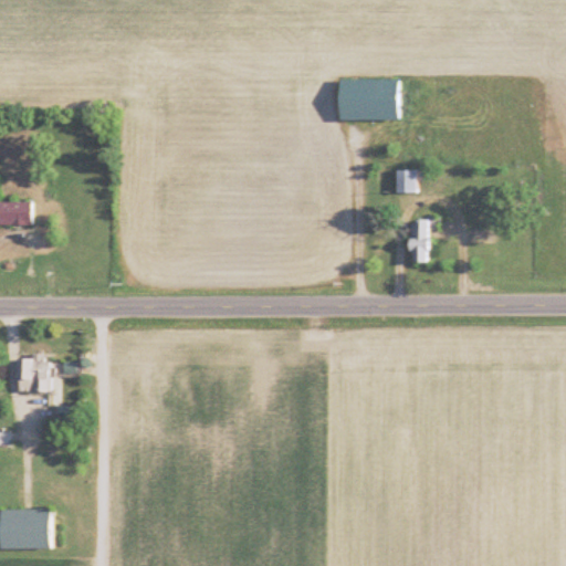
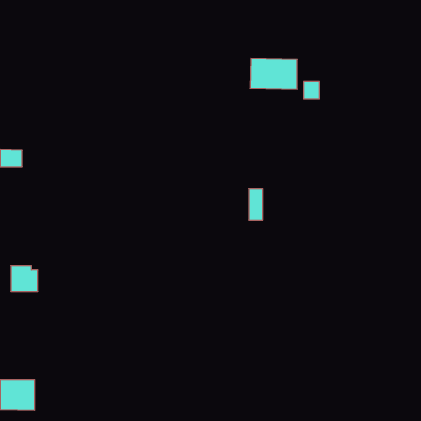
building: [395,169,416,192] -> [304,82,319,99]
building: [409,220,428,262] -> [249,189,263,220]

